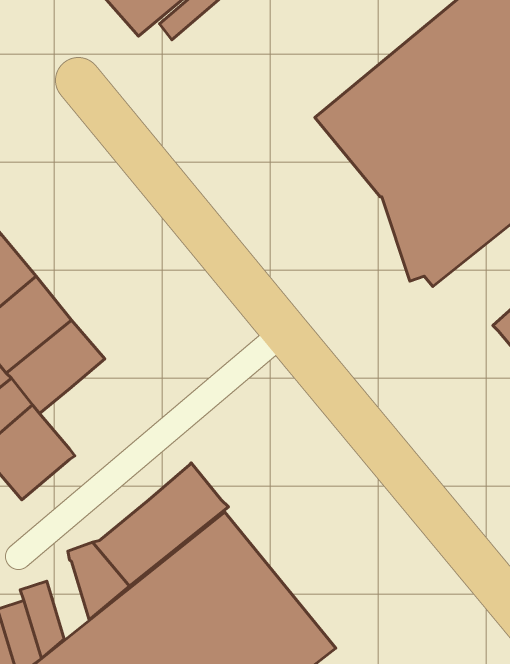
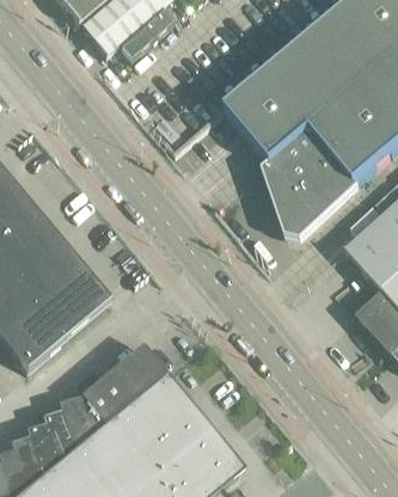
building: none -> [38,271,106,337]
building: none -> [41,409,72,461]

